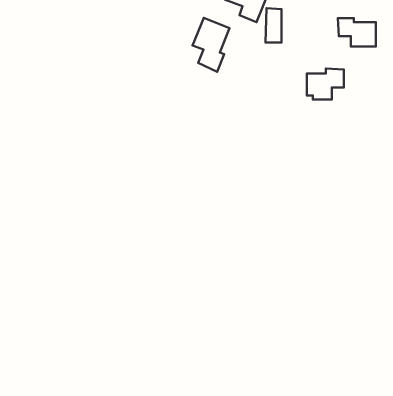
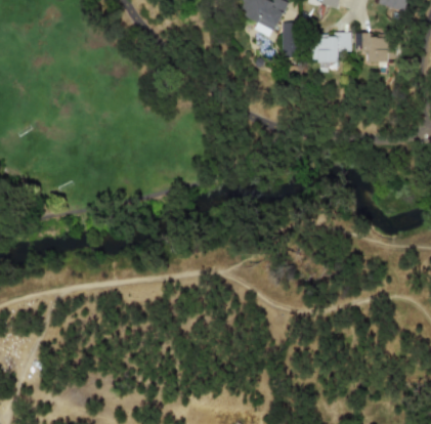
building: [193,18,230,72] -> none
building: [307,68,344,99] -> [313,32,351,63]

